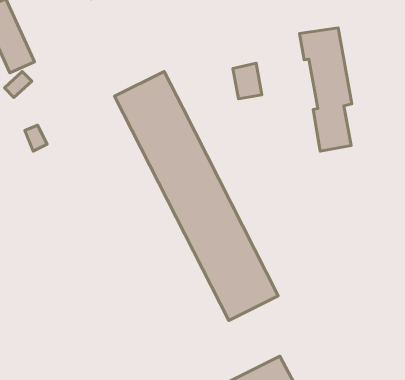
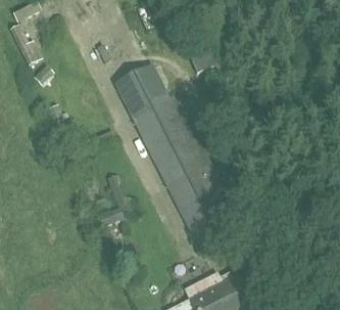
building: [299,28,352,151] -> none

